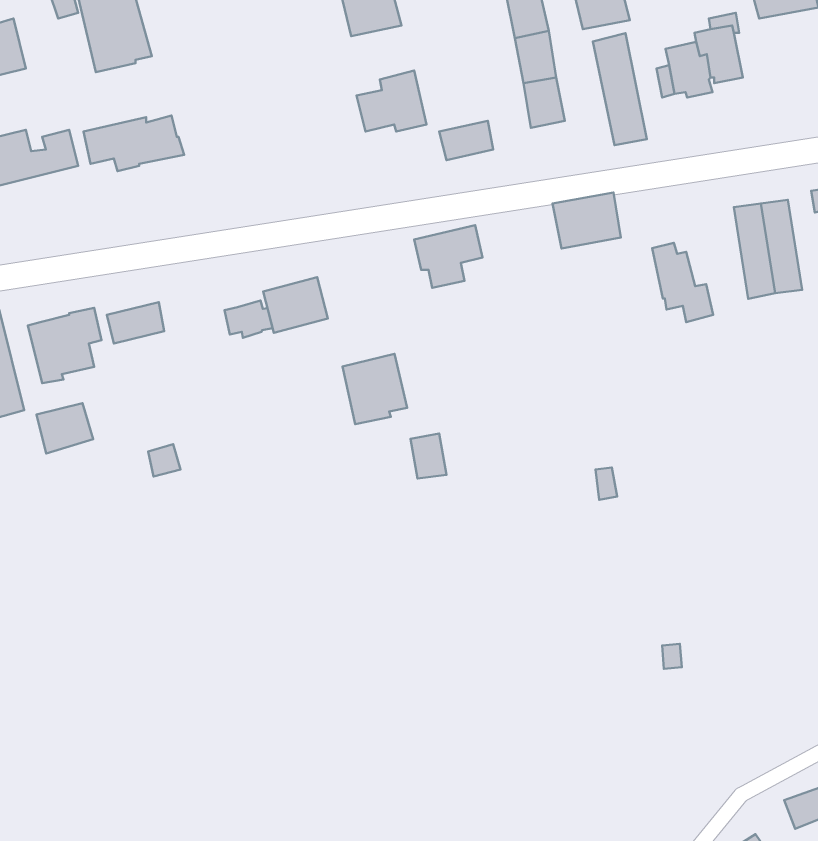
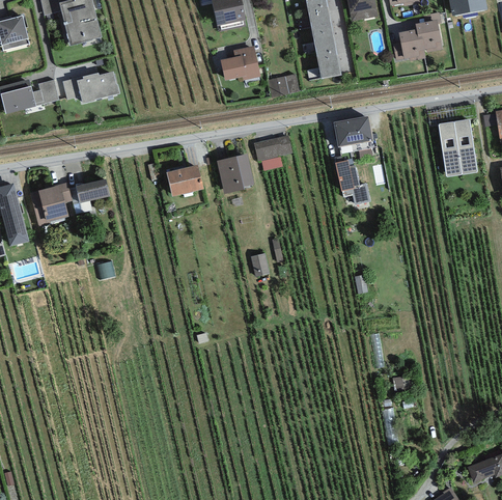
building: [593,33,647,145] -> none
building: [652,243,713,322] -> [335,159,370,204]
building: [224,301,272,338] -> none
building: [342,354,407,424] -> [217,152,254,193]
building: [37,403,93,454] -> none

